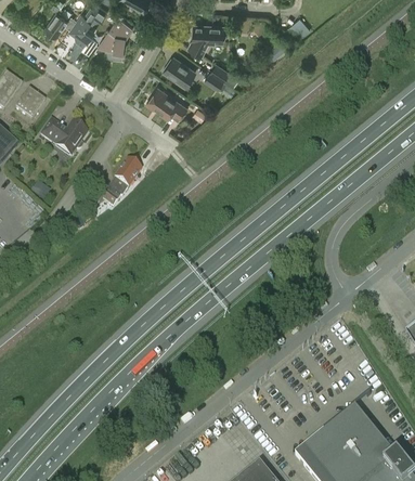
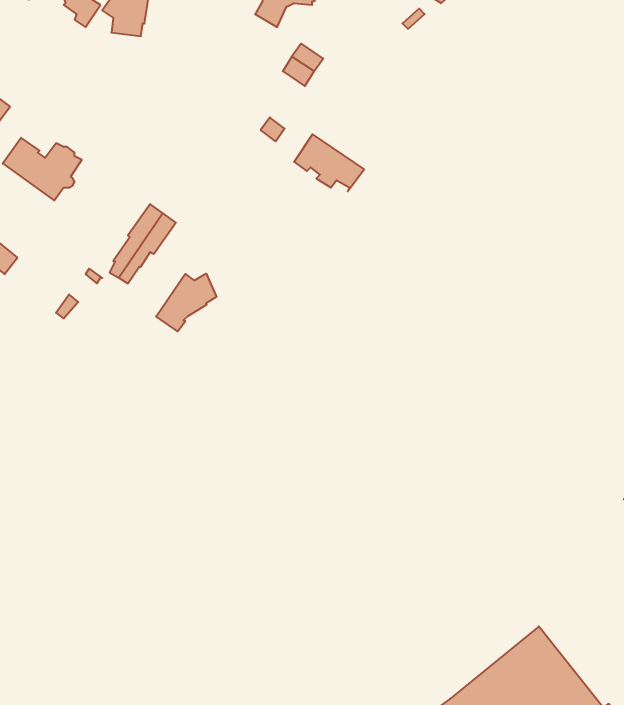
building: [163,54,195,84] -> none
building: [146,84,187,118] -> [294,134,364,191]
building: none -> [156,274,216,331]

